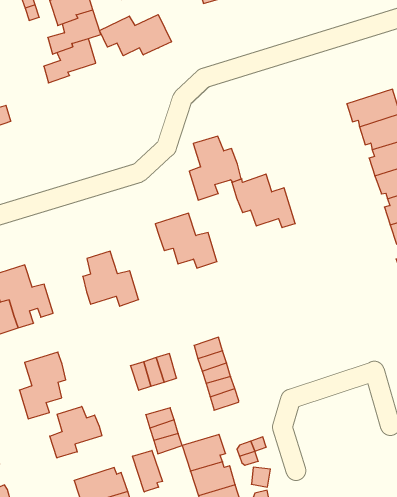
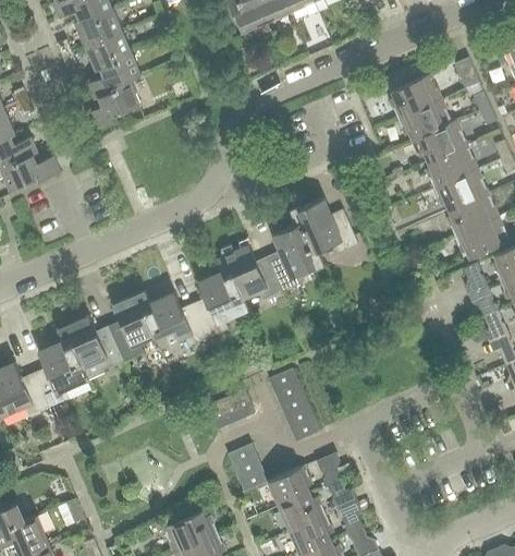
building: [100,15,171,56] -> none
building: none -> [390,74,442,118]
building: [189,136,241,200] -> [271,225,324,291]
building: none -> [196,271,249,338]
building: [19,352,66,419] -> [111,290,157,361]
building: [50,406,102,458] -> none
building: [133,450,163,492] -> none

